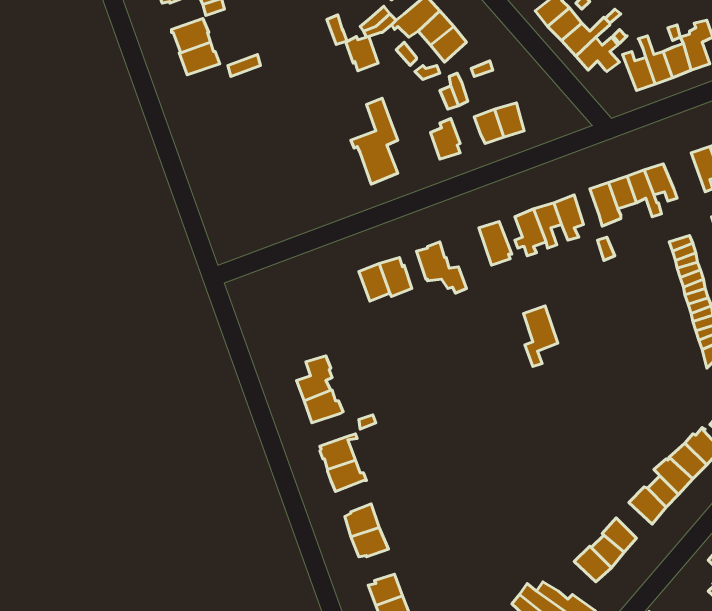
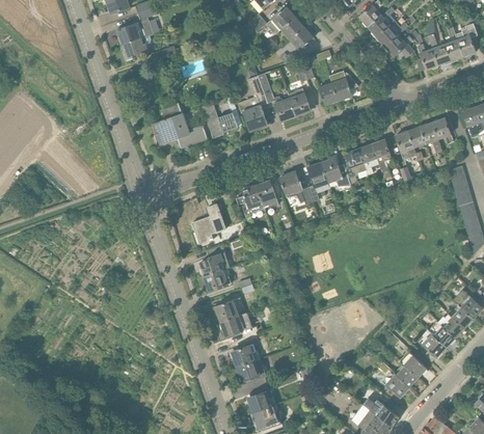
building: [327,15,378,71] -> [262,83,296,120]
building: none -> [203,103,238,134]
building: none -> [154,104,208,148]
building: none -> [192,205,226,243]
building: [523,306,558,367] -> [307,161,330,201]

